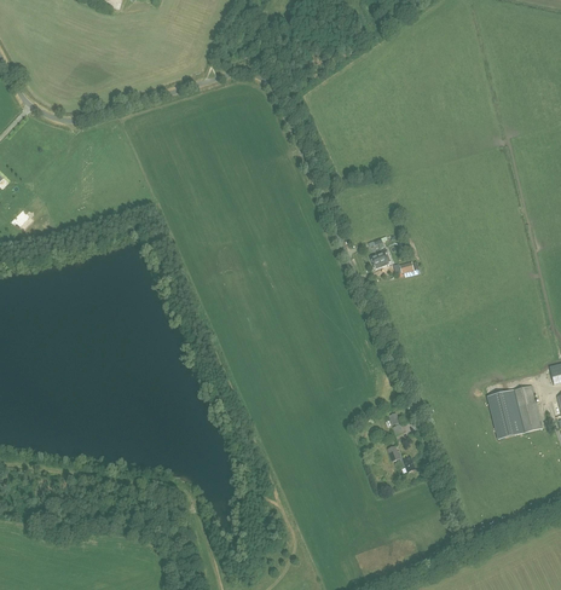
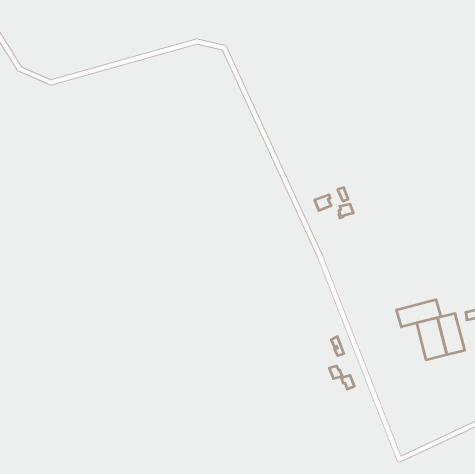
building: none -> [397,300,441,327]

